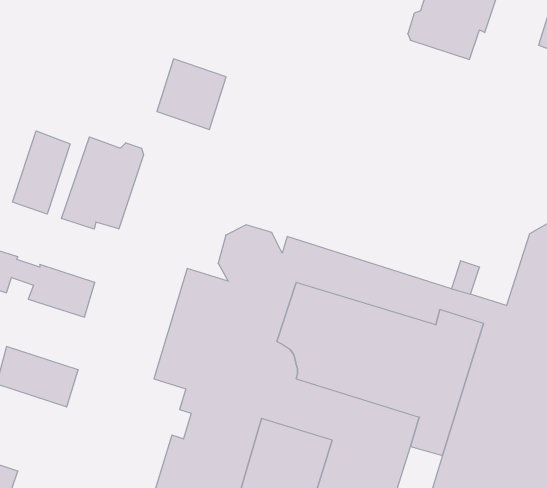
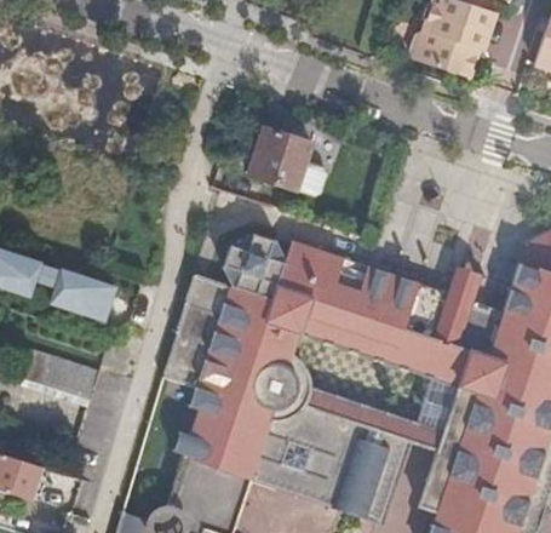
building: [157,59,226,130] -> [246,121,311,188]
building: [12,131,70,214] -> none
building: [62,137,143,229] -> none

